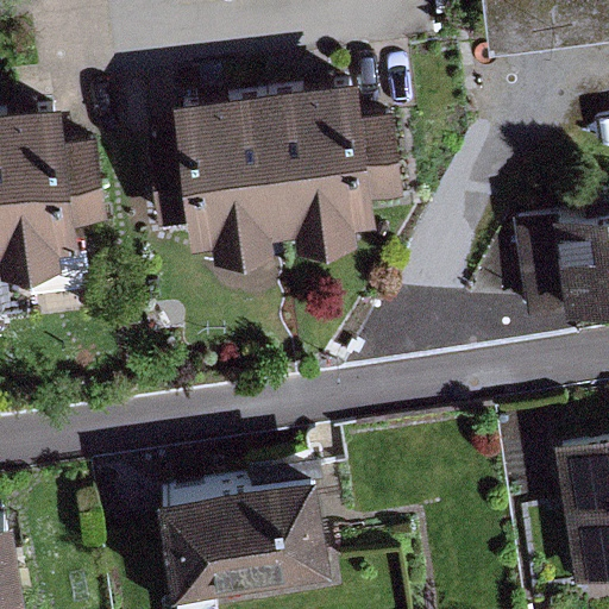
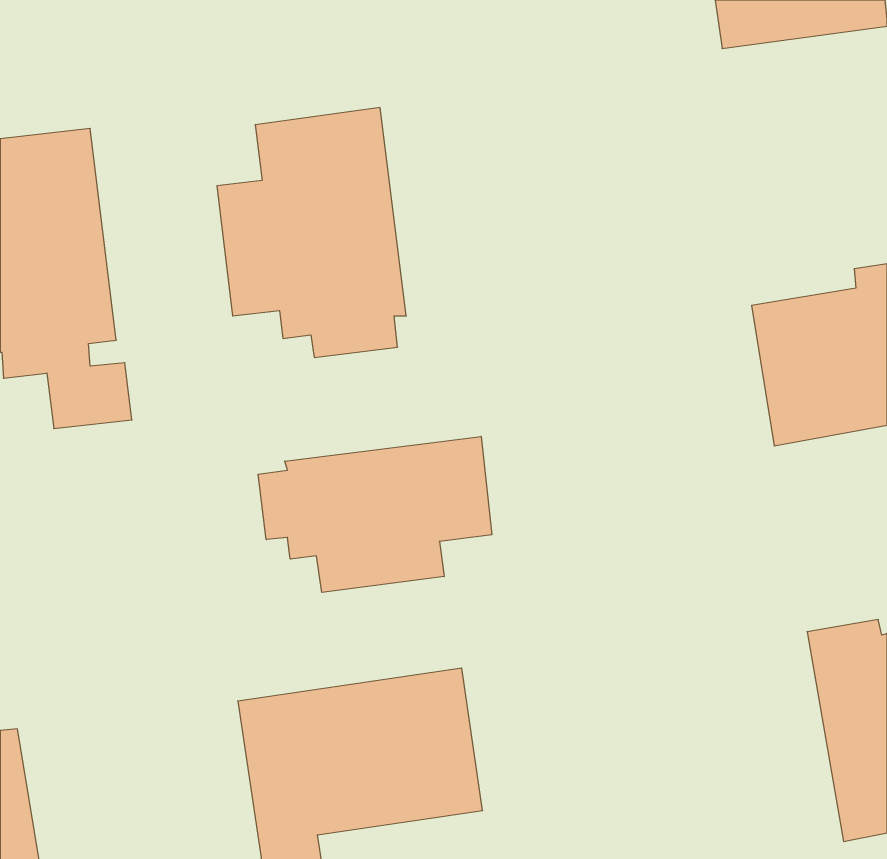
building: [260,80,404,250] -> none
building: none -> [258,436,492,592]

